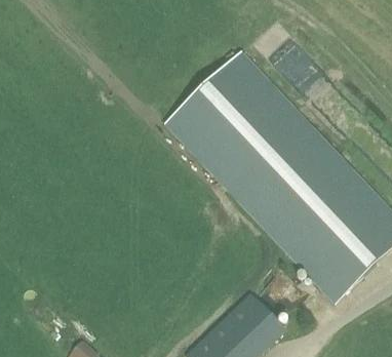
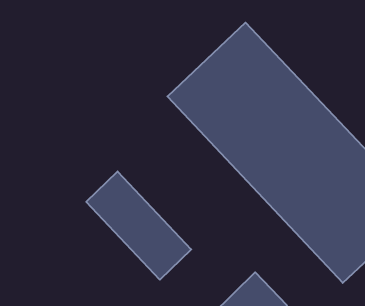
building: none -> [86,171,191,280]

